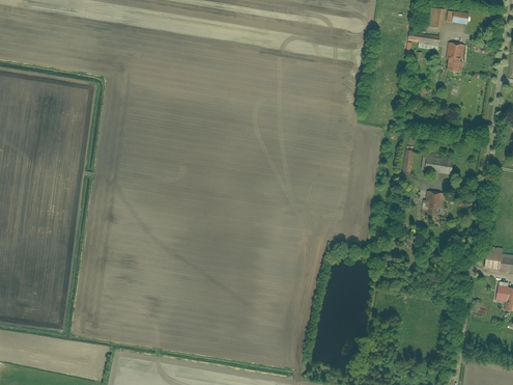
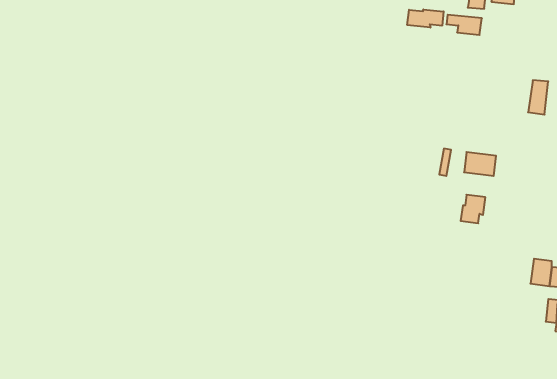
building: none -> [407,9,444,28]
building: [446,43,463,73] -> [528,80,548,115]

